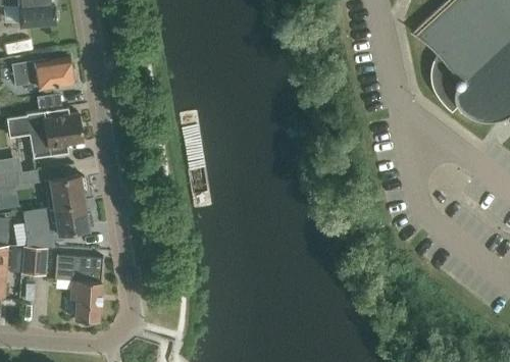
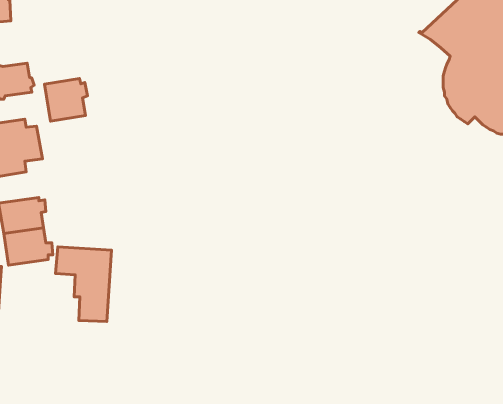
building: none -> [45,79,87,121]
building: [54,256,103,321] -> [55,247,111,322]

